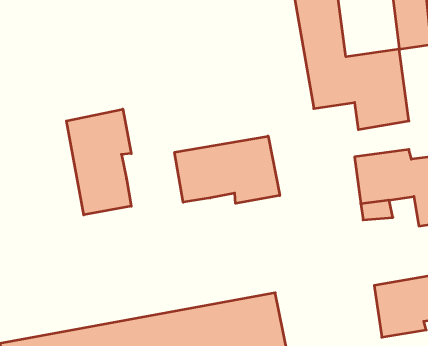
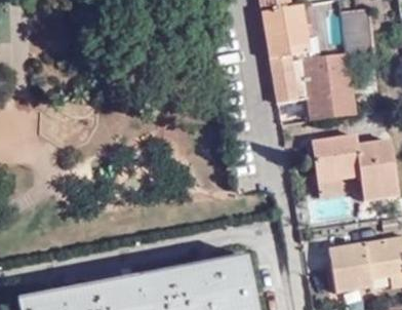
building: [66,109,131,215] -> none
building: [175,136,280,203] -> none

